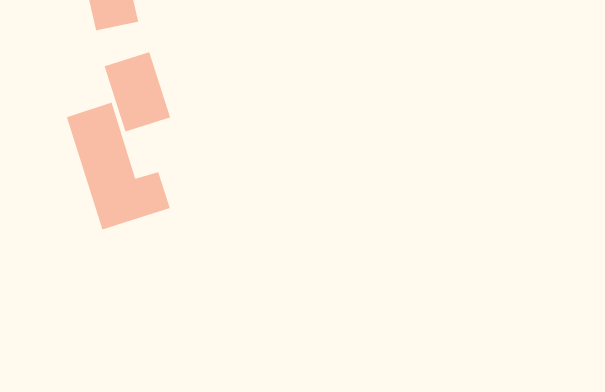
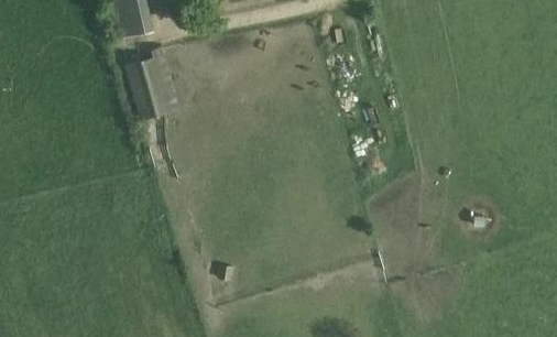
building: [66,101,171,231] -> none

